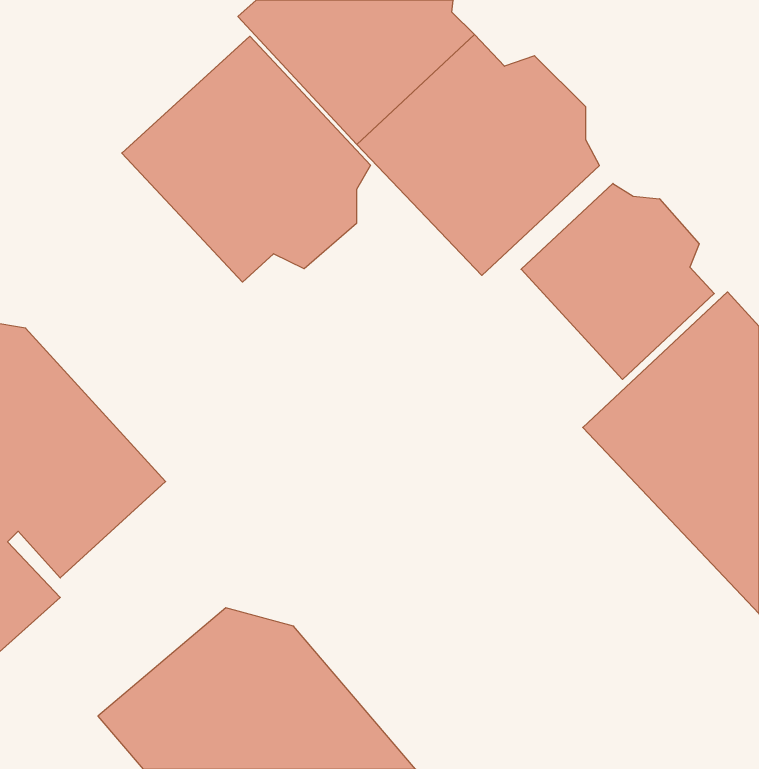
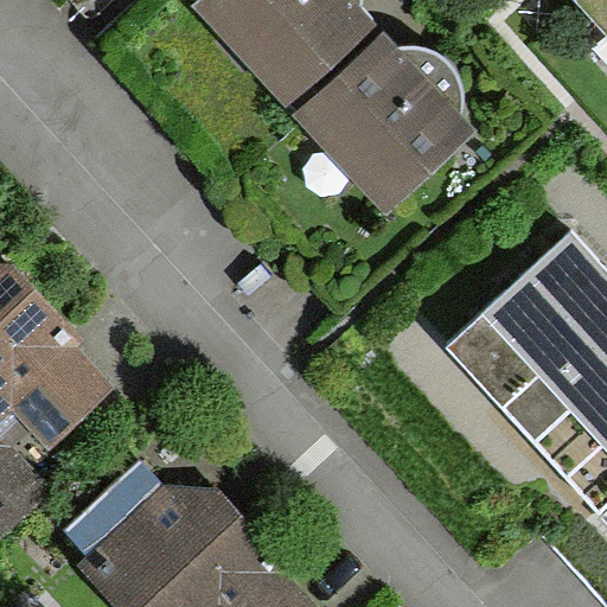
building: [122,36,370,282] -> none
building: [521,183,714,379] -> none

